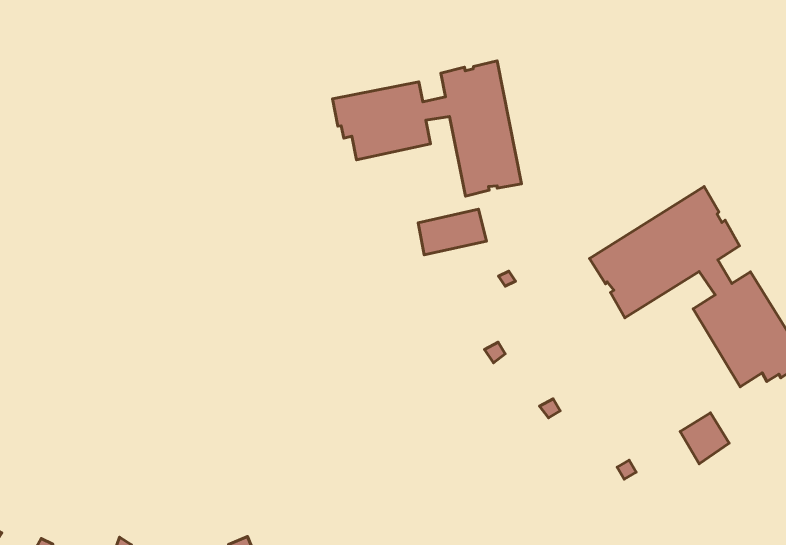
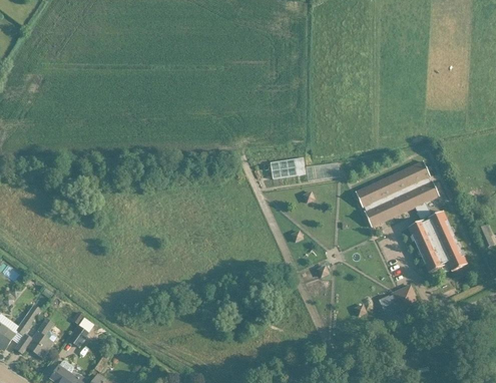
building: [333,61,522,196] -> none

